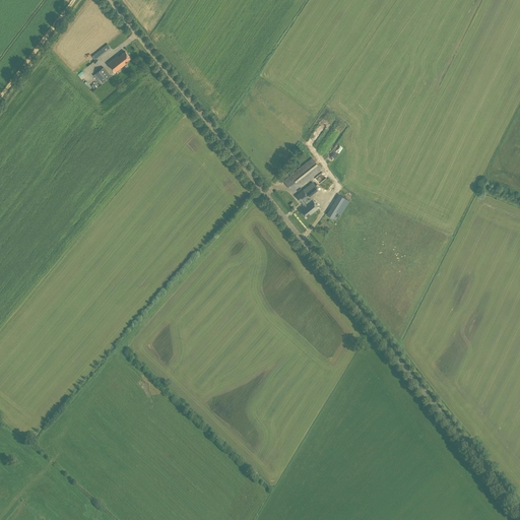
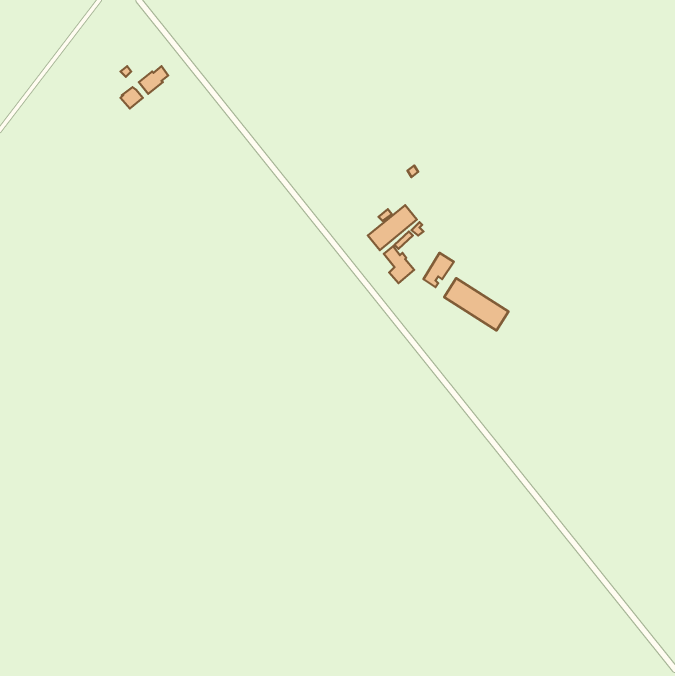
building: none -> [444,278,508,330]

